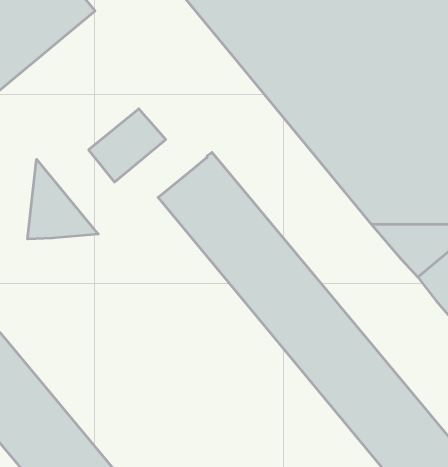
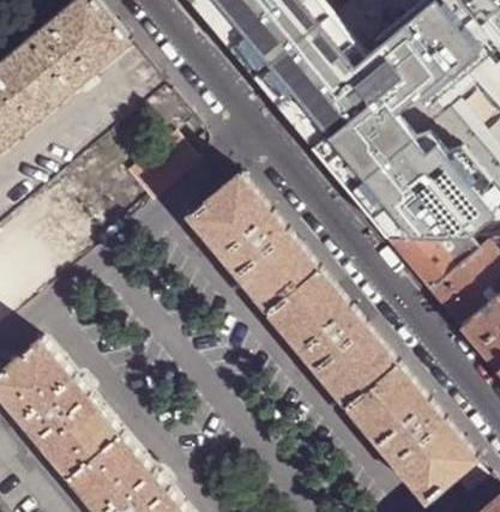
building: [28,159,98,239] -> none

